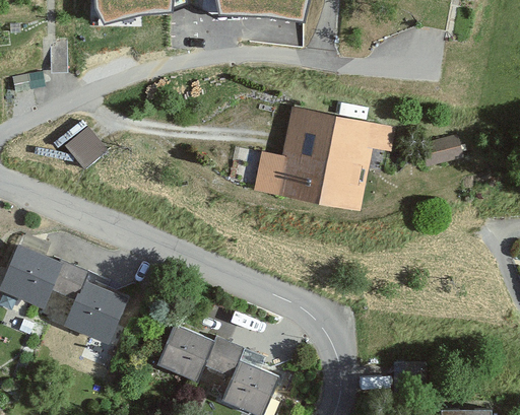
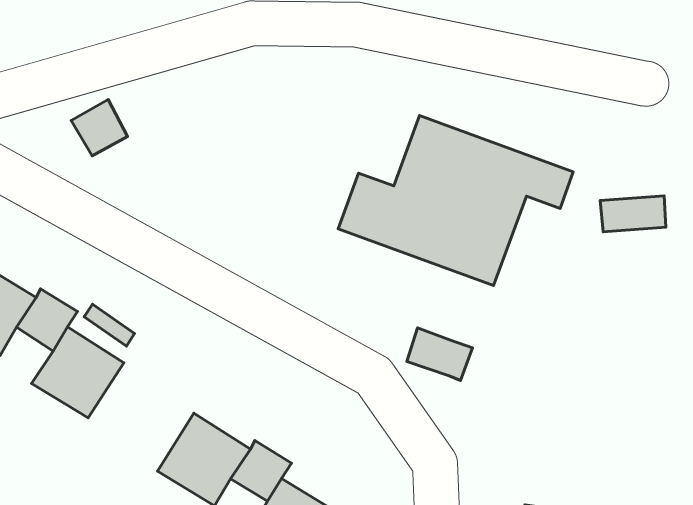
building: none -> [407,328,473,380]

